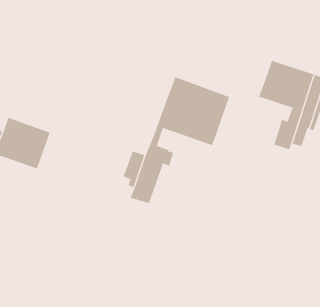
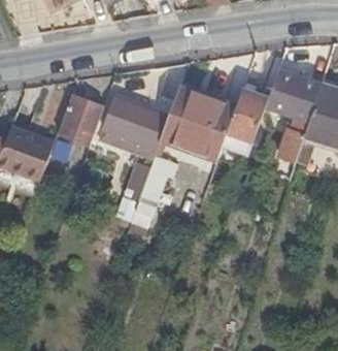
building: none -> [222,89,268,155]
building: none -> [58,96,103,146]
building: none -> [98,97,168,156]

